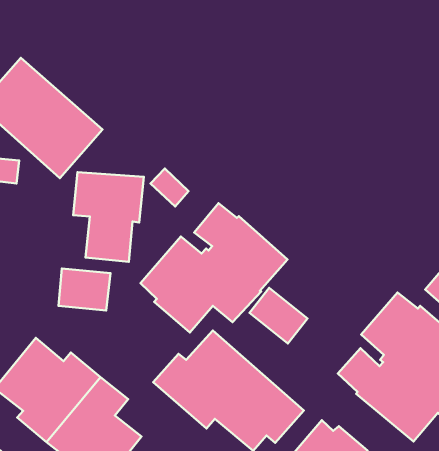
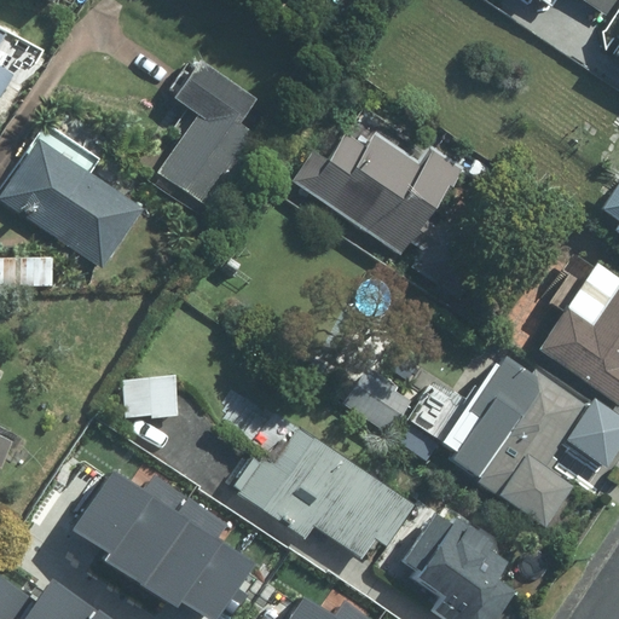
building: none -> [156,59,260,207]
building: none -> [293,131,470,297]
building: [73,172,144,262] -> none
building: [141,203,287,332] -> none

